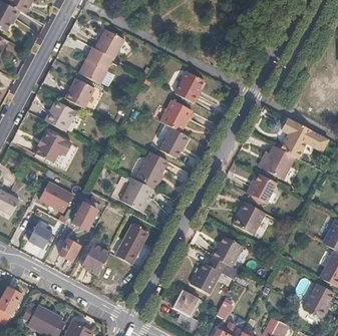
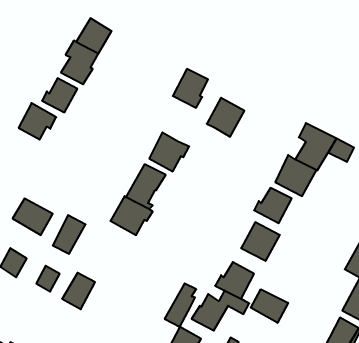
building: [160,100,193,133] -> [207,98,244,137]
building: [35,132,71,164] -> none
building: [117,227,144,264] -> [165,283,196,327]
building: none -> [251,289,288,323]

